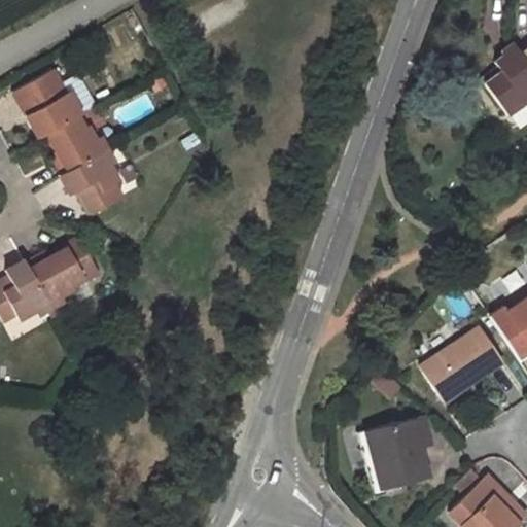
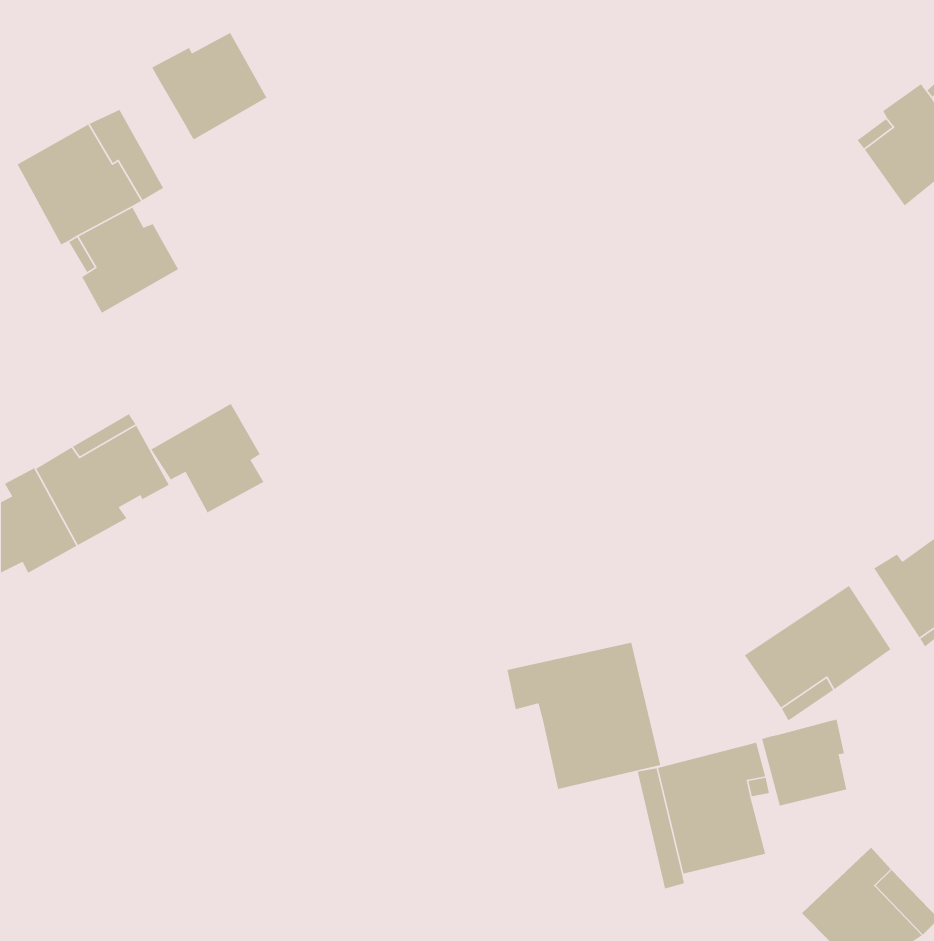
building: none -> [151,32,267,141]
building: [60,151,124,213] -> [150,403,264,514]
building: none -> [506,642,661,790]
building: none -> [761,719,847,807]

